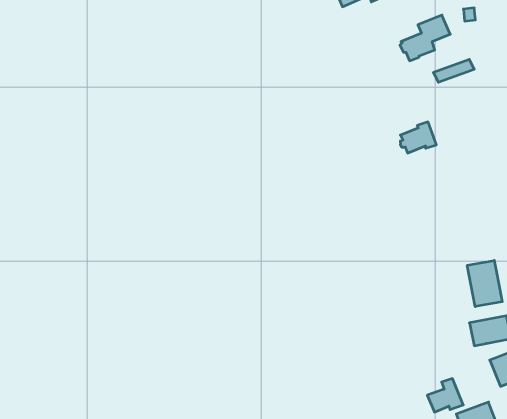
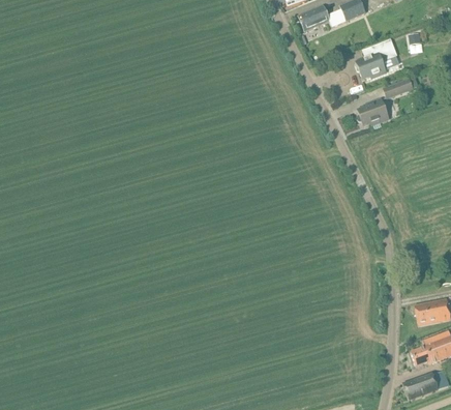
building: [400,122,436,153] -> [358,98,389,125]
building: [467,260,502,307] -> none
building: [427,379,463,412] -> [411,336,442,365]

